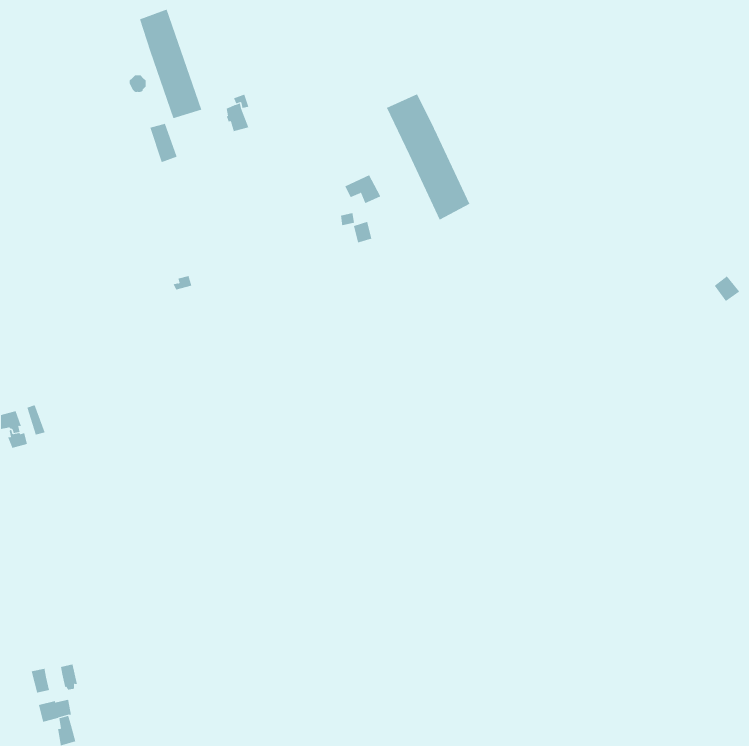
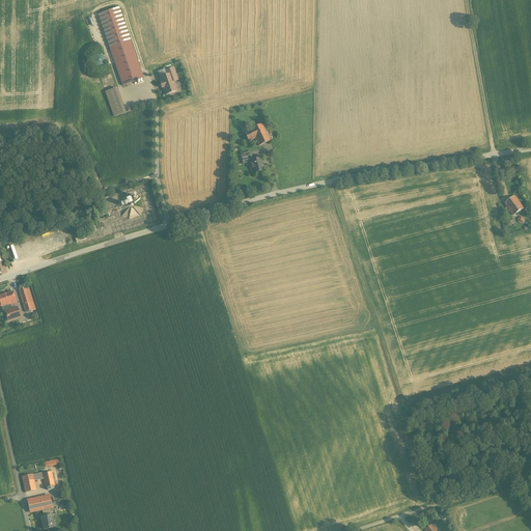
building: [386,94,470,220] -> none

